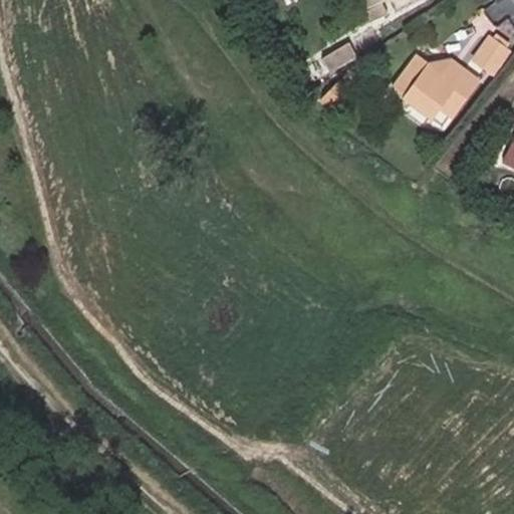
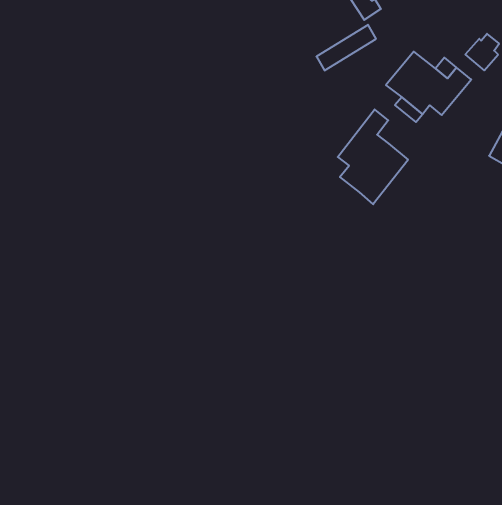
building: none -> [338,109,408,204]

